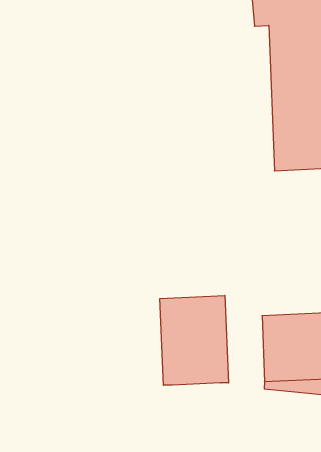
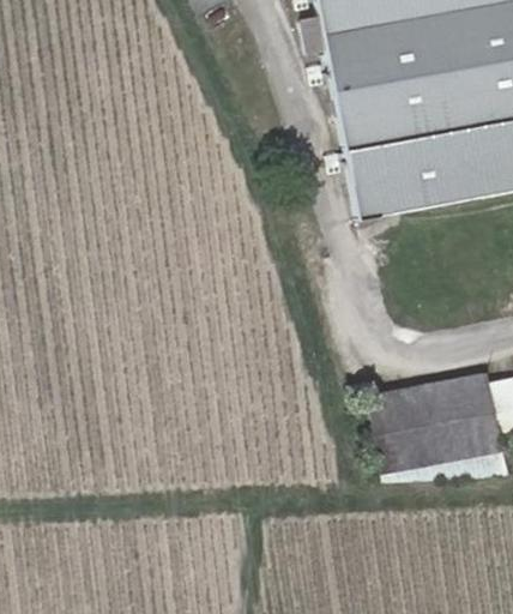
building: [160,295,229,385] -> none

